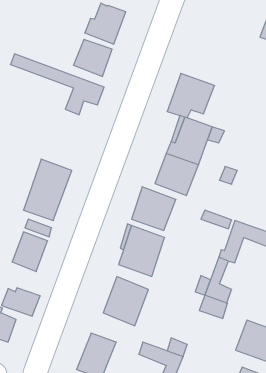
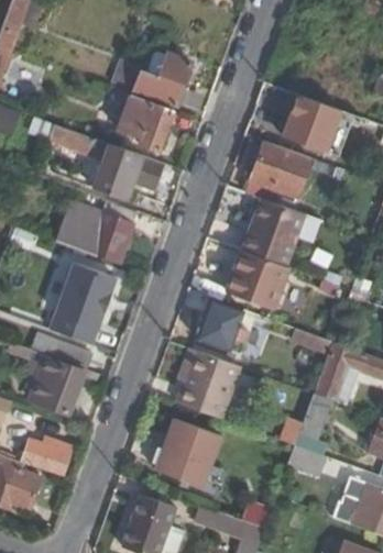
building: none -> [283,96,341,153]
building: none -> [44,195,136,263]

